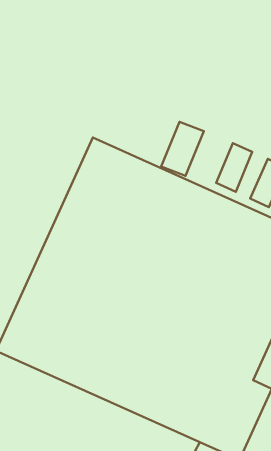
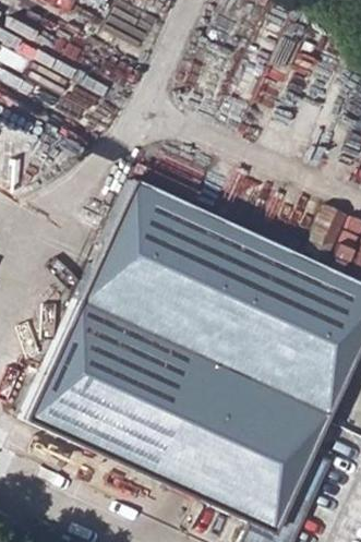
building: [161,122,204,176] -> none

